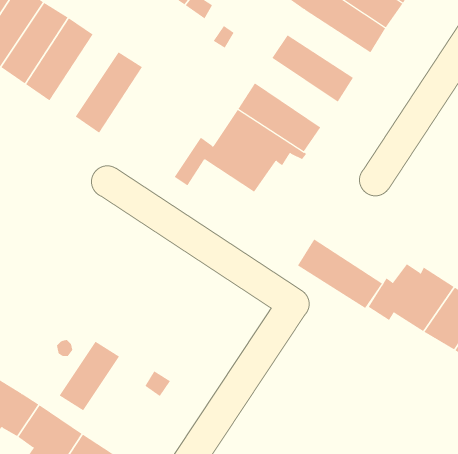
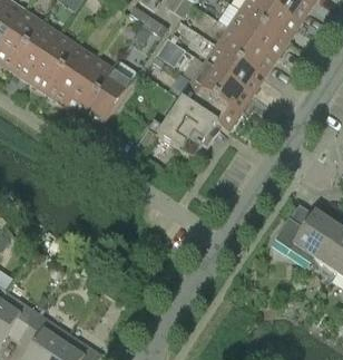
building: none -> [216,27,276,76]
building: none -> [46,45,95,104]
building: none -> [81,59,138,128]
building: none -> [193,61,253,111]
building: [297,238,383,309] -> none
building: [59,341,120,411] -> none

